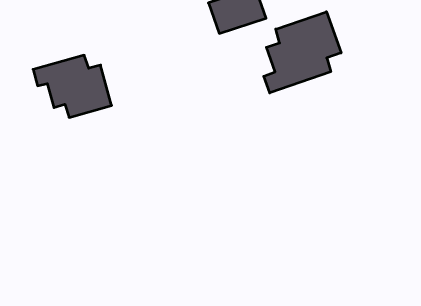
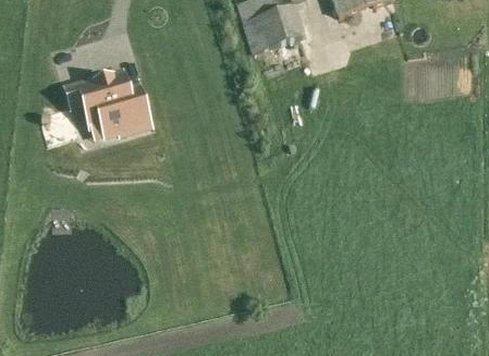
building: [264,12,341,93] -> none

